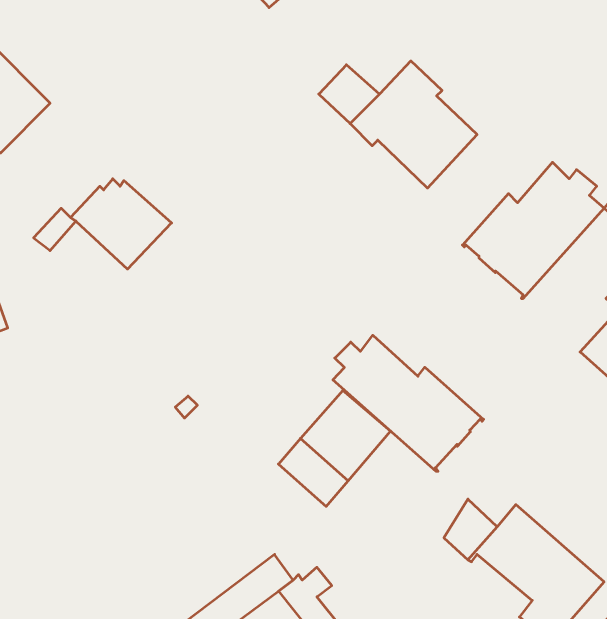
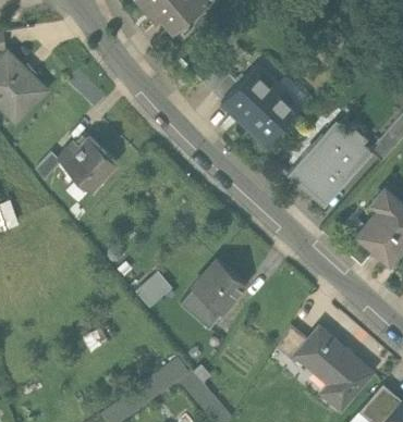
building: [333,335,484,471] -> none
building: none -> [137,271,174,307]

